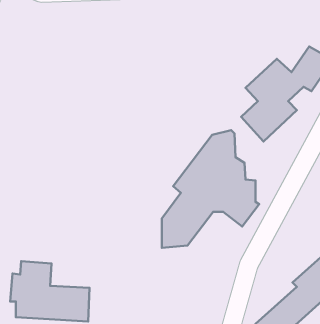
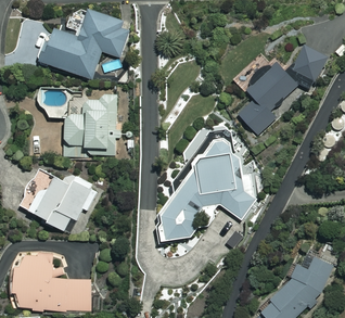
building: none -> [40,5,129,79]
building: none -> [65,96,116,157]
building: none -> [20,169,93,231]

